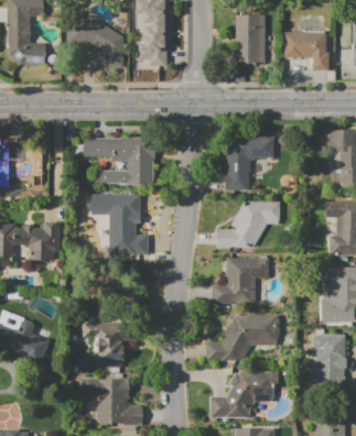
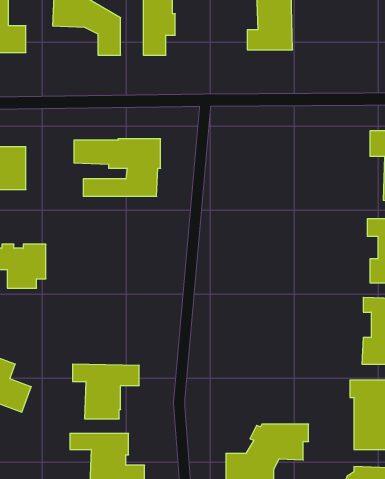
building: [284,32,328,69] -> none
building: [226,138,272,189] -> none
building: [104,195,148,254] -> none
building: [217,201,279,249] -> none
building: [213,258,268,304] -> none
building: [205,315,278,360] -> none

